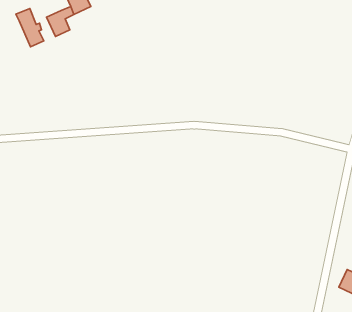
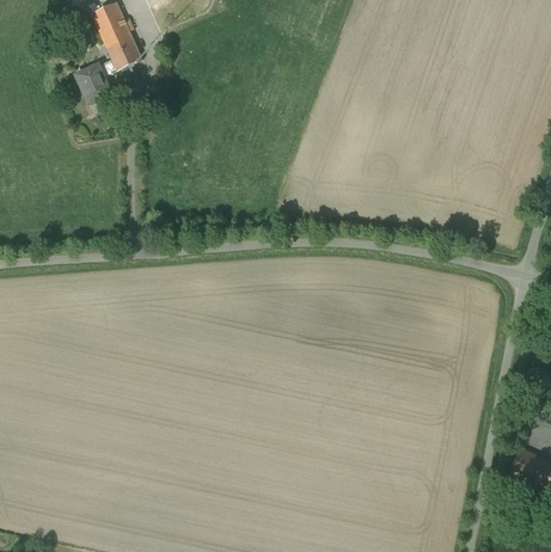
building: [16,9,44,47] -> none

